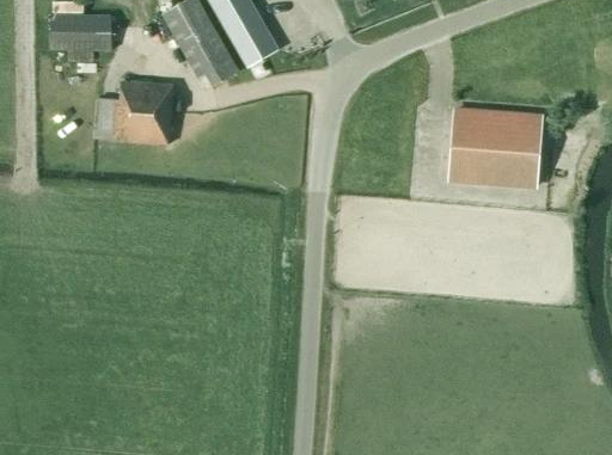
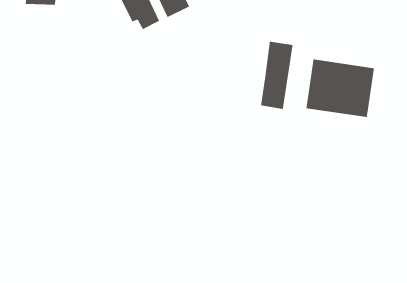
building: [94,80,173,143] -> none
building: none -> [260,41,293,110]

